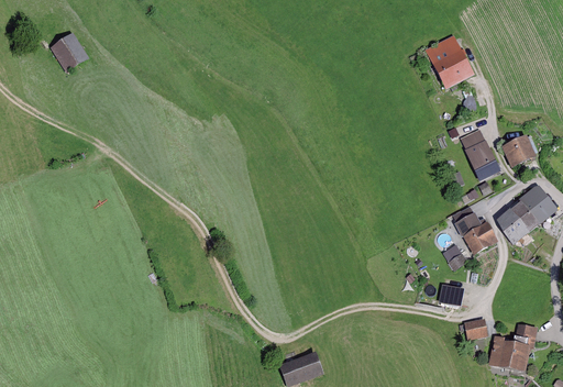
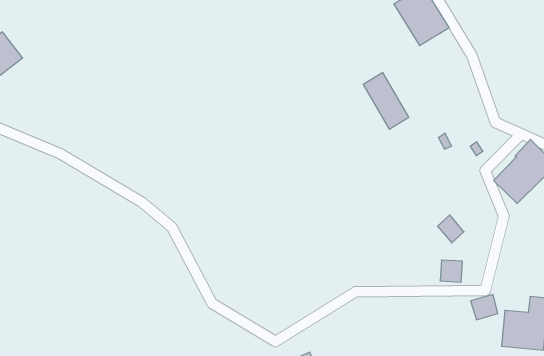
building: [461,129,498,180] -> [363,72,409,129]
building: [505,133,537,164] -> none
building: [456,213,498,256] -> none

